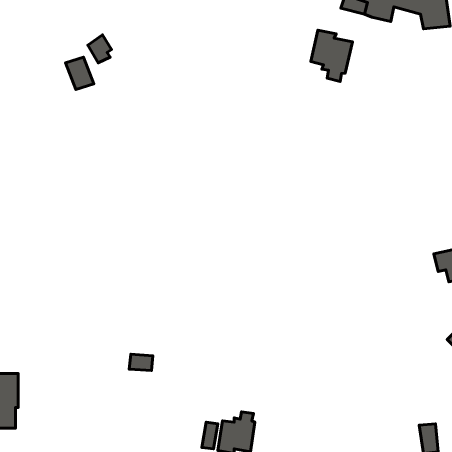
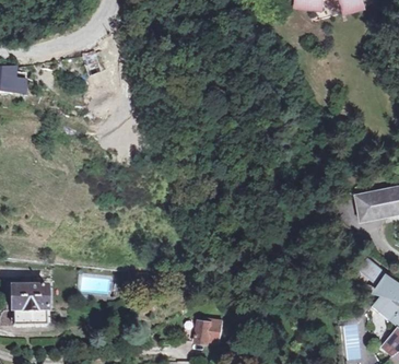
building: [311,30,352,81] -> none

